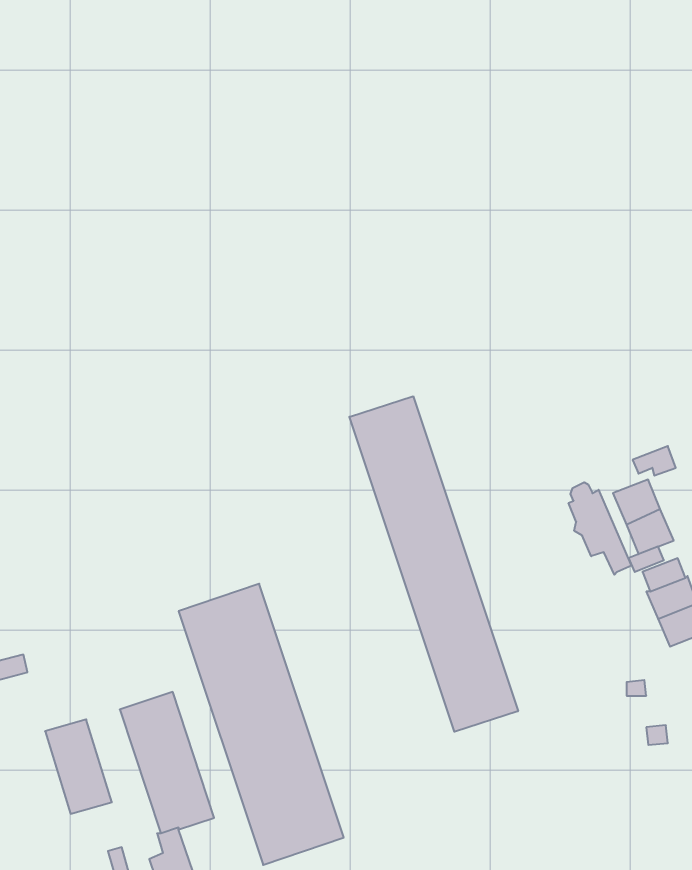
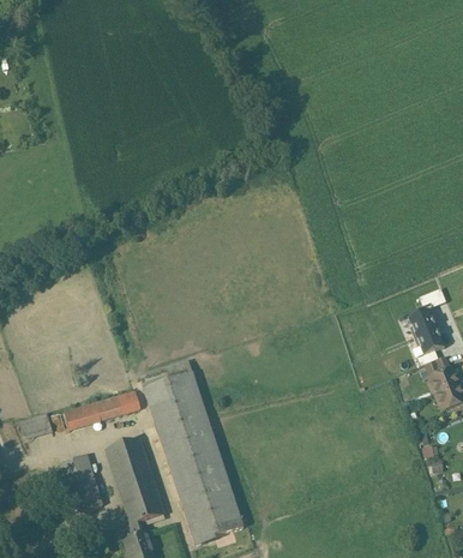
building: [349,396,518,732] -> none
building: [569,482,632,575] -> none
building: none -> [62,389,138,427]

